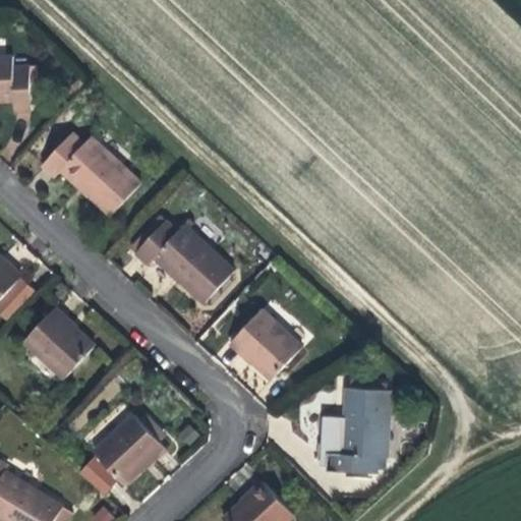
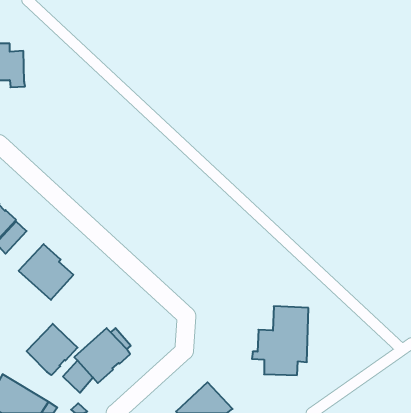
building: [41,131,141,217] -> none
building: [133,219,235,303] -> none
building: [232,309,301,380] -> none
building: none -> [27,324,78,375]

